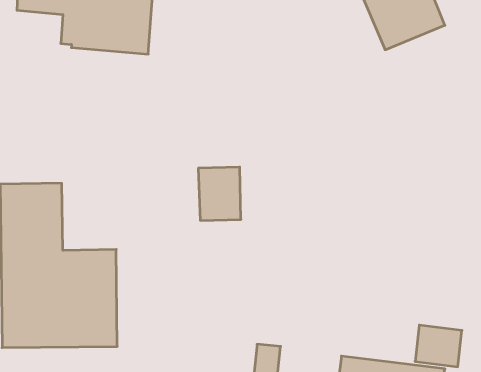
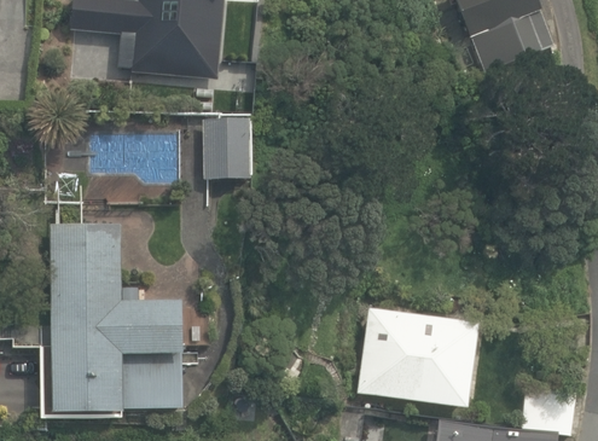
building: [198,167,241,220] -> [203,118,251,179]
building: none -> [358,311,478,407]

